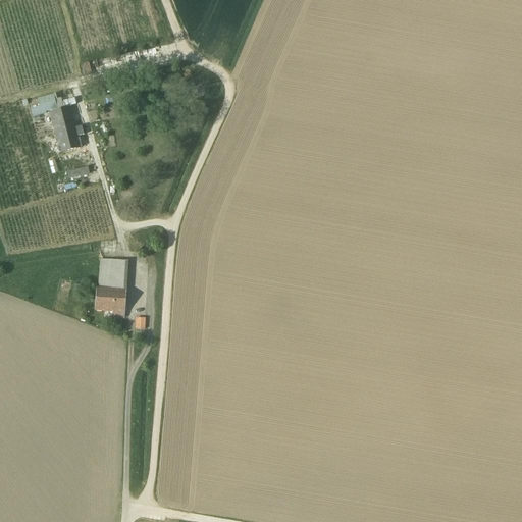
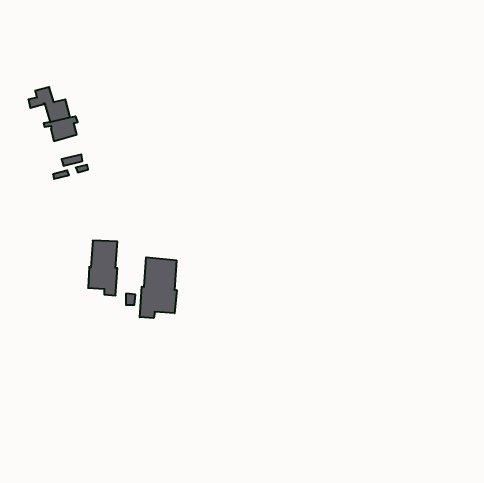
building: none -> [140,257,177,318]

